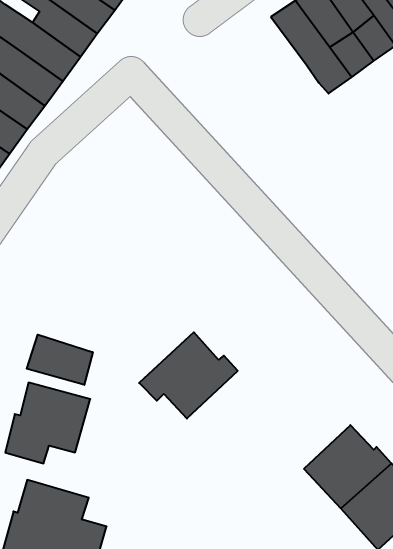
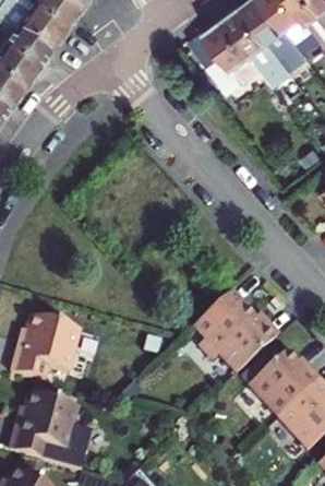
building: none -> [186,21,258,94]
building: [139,332,238,419] -> [196,300,275,369]
building: [27,335,93,385] -> none

